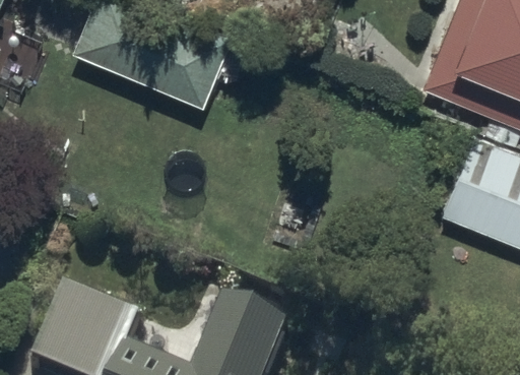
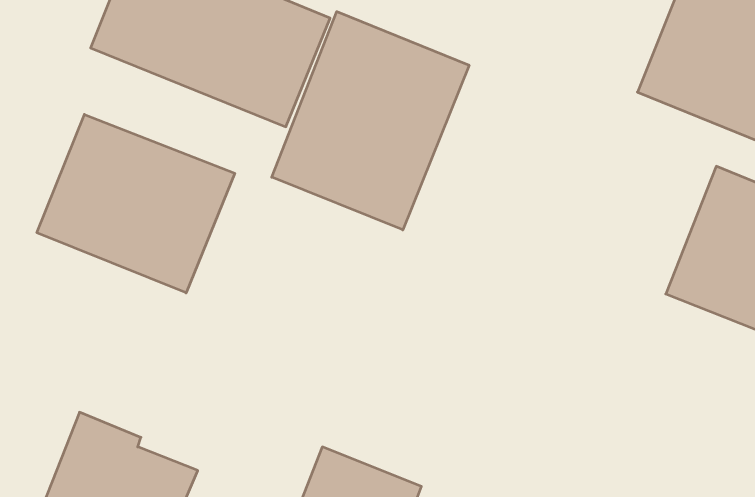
building: none -> [272,12,469,230]
building: none -> [37,114,235,293]

